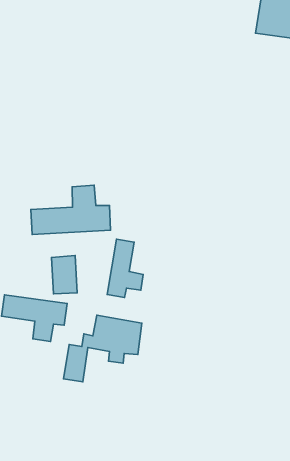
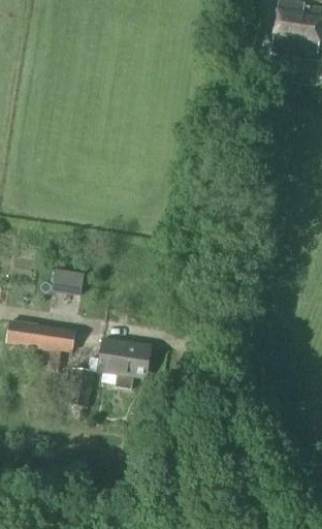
building: [31,185,111,234] -> none
building: [107,239,143,298] -> none

